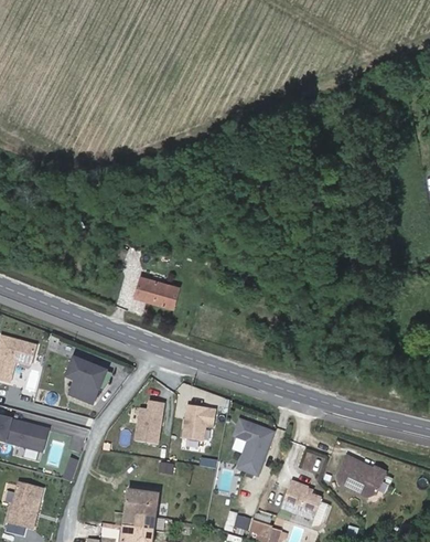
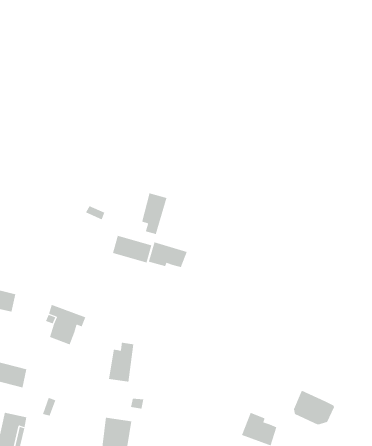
building: none -> [141,192,167,235]
building: none -> [148,241,187,268]
building: [180,406,215,442] -> none
building: [230,417,271,474] -> none

